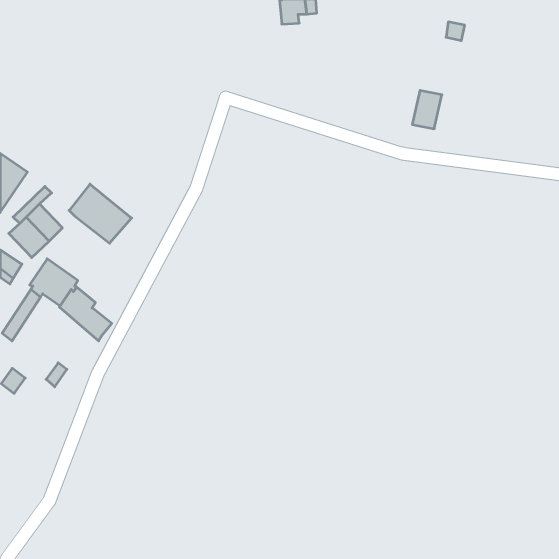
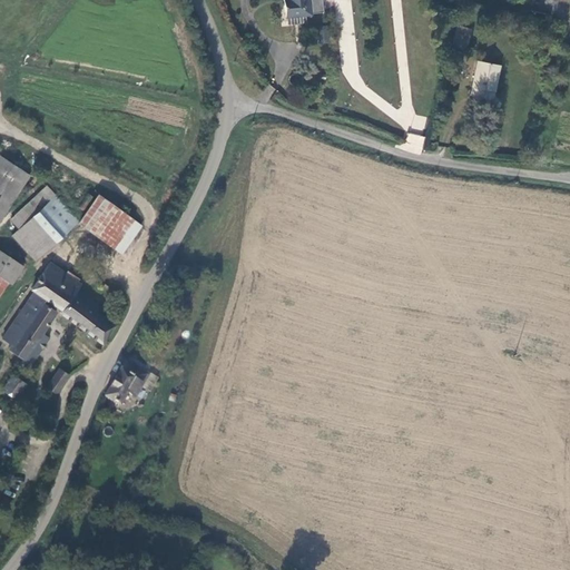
building: [412,90,442,129] -> [471,59,501,98]
building: none -> [41,196,77,232]
building: none -> [10,302,57,370]
building: none -> [104,362,148,407]

